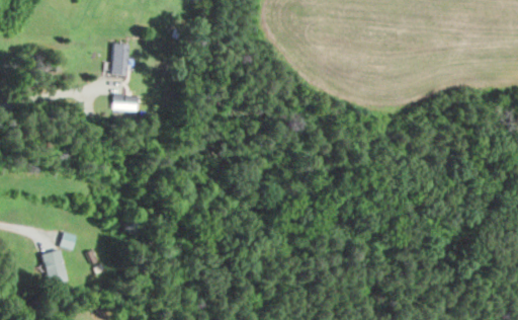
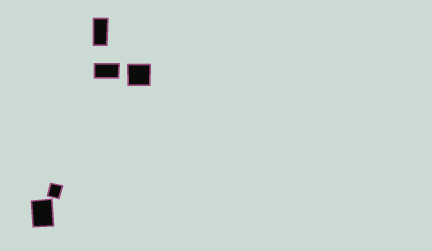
building: none -> [128,65,150,85]

